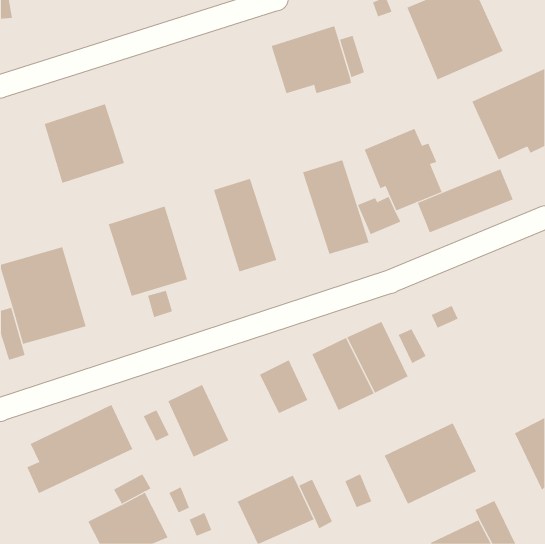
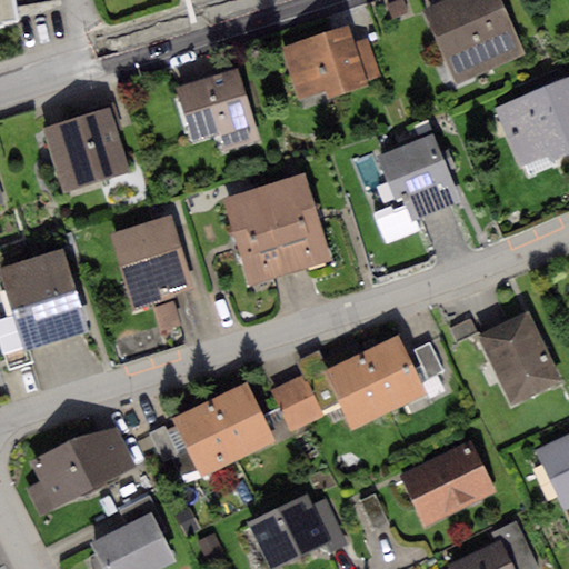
building: none -> [177,69,260,148]
building: [302,159,369,254] -> [261,172,331,271]
building: [417,168,514,233] -> none
building: none -> [479,312,561,405]
building: none -> [211,382,276,459]

